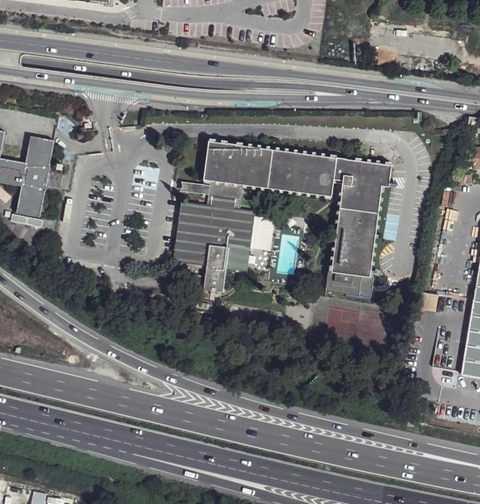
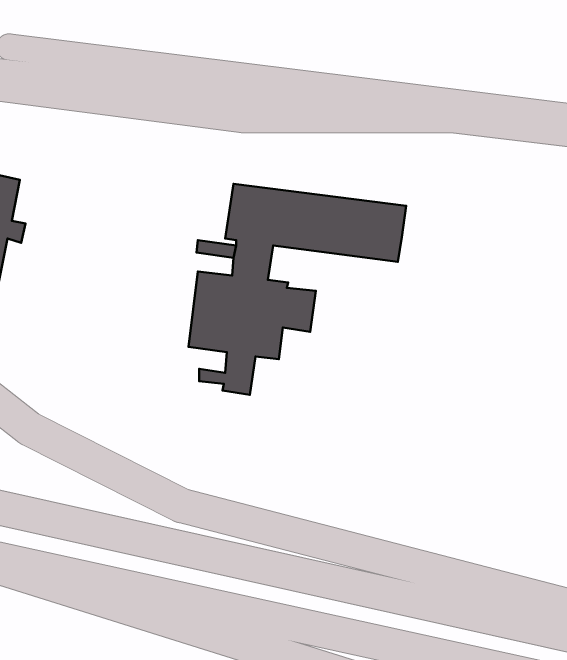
building: [324,158,391,299] -> none

